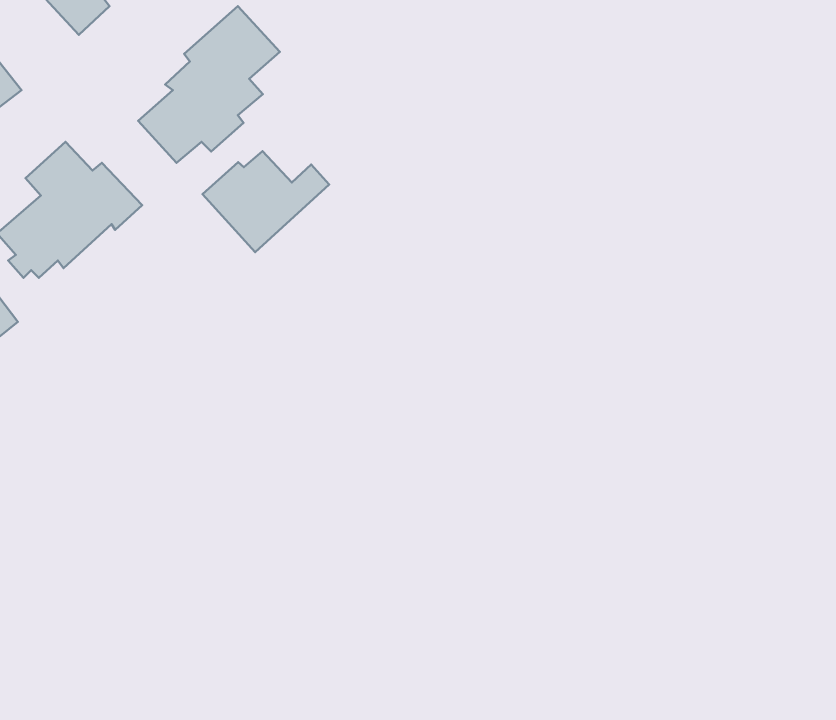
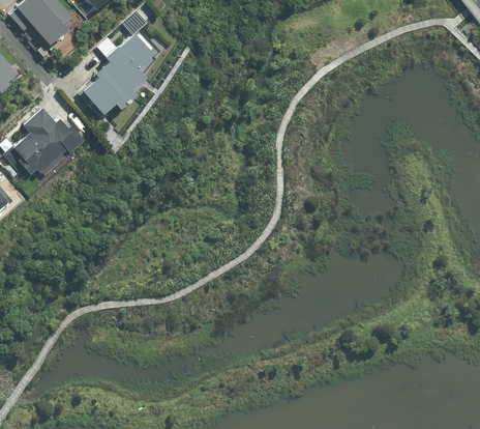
building: [202,151,329,252] -> none

